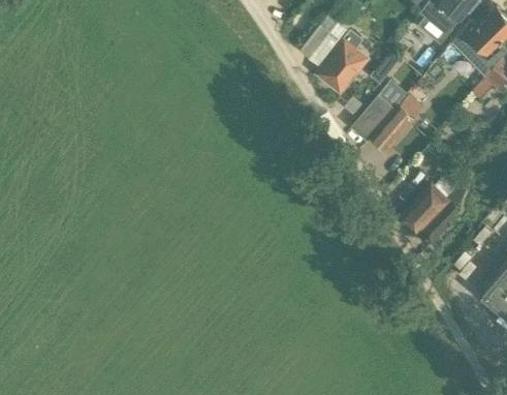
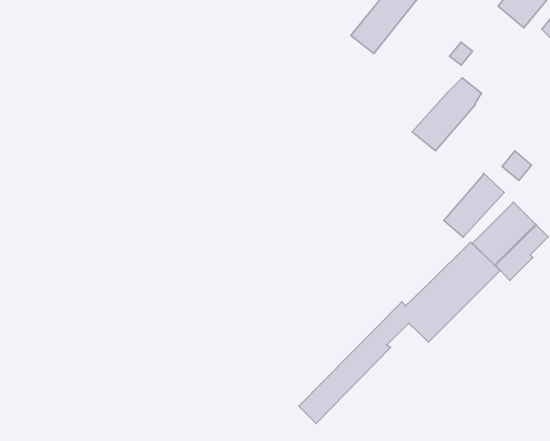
building: [319,30,367,90] -> none
building: [369,103,417,155] -> [444,173,504,237]
building: none -> [299,242,500,424]

